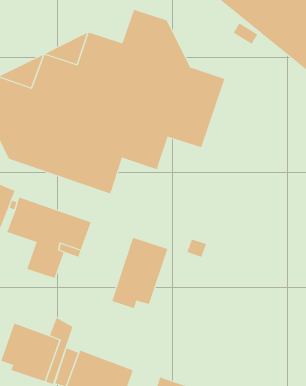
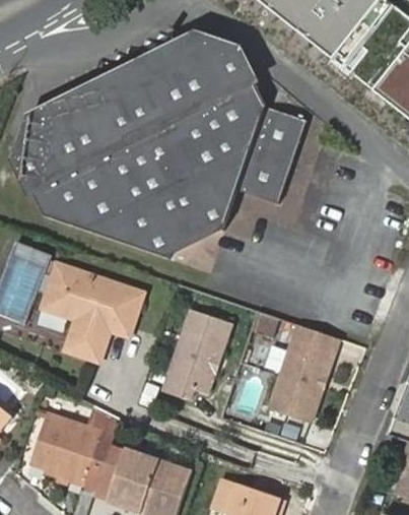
building: none -> [136,35,191,75]
building: none -> [163,214,219,258]
building: none -> [270,331,343,427]

